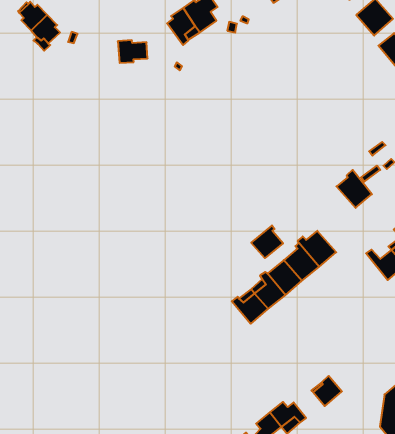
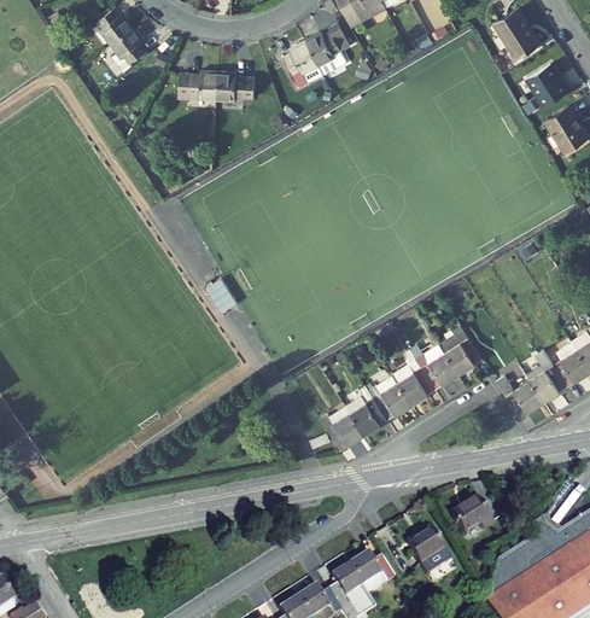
building: none -> [180,70,220,99]
building: [336,170,372,208] -> [440,325,484,373]
building: [251,225,283,258] -> none
building: none -> [452,497,495,535]

